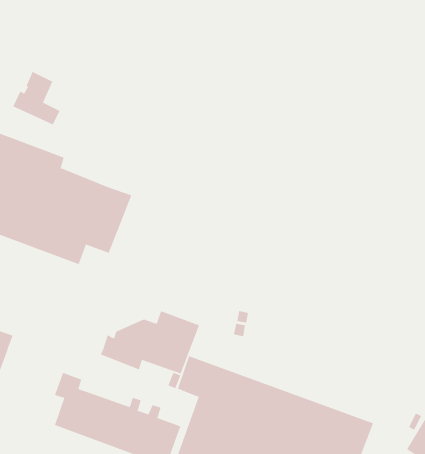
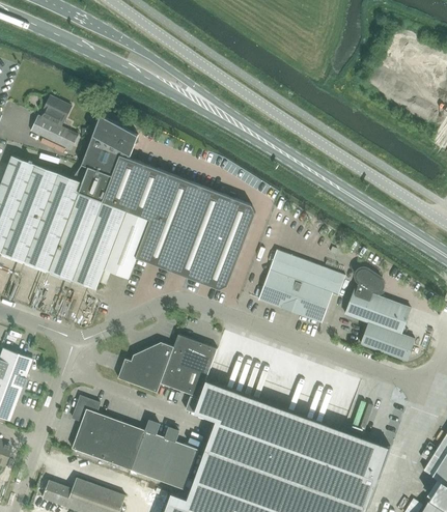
building: none -> [72,114,254,289]
building: none -> [258,250,345,322]
building: none -> [344,268,415,361]

